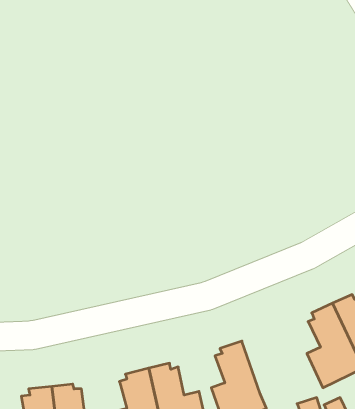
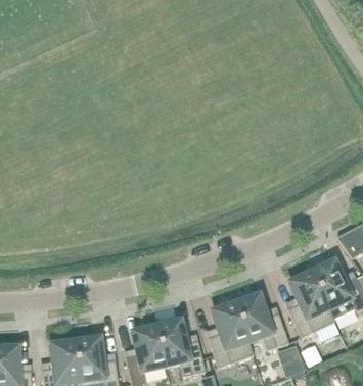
building: none -> [234,293,288,350]

